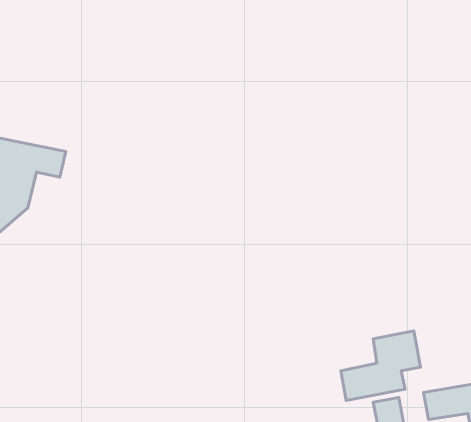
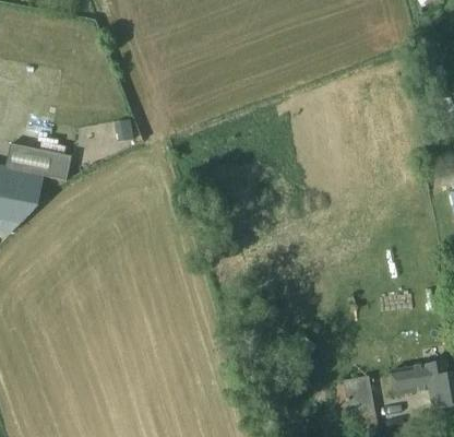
building: [341,331,420,401] -> none

